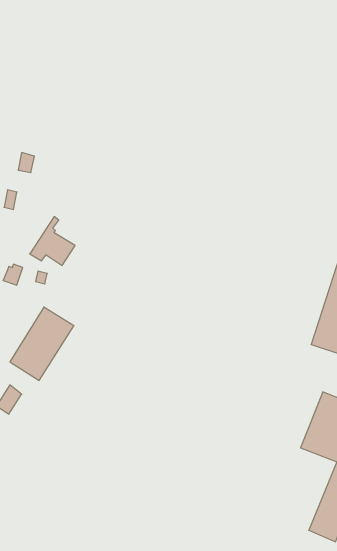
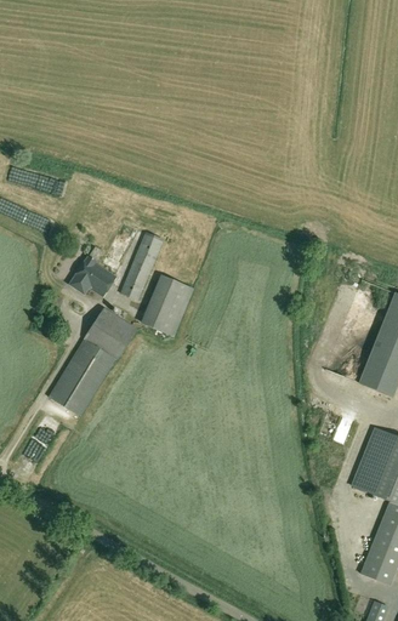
building: none -> [120,232,163,300]
building: none -> [144,277,193,337]
building: none -> [84,308,135,360]

